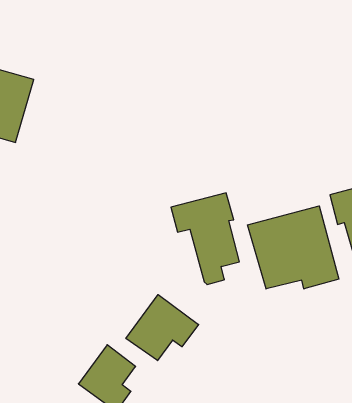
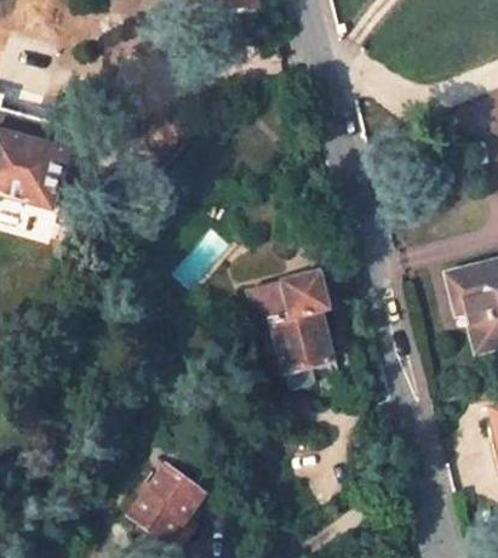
building: [248,206,339,289] -> none
building: [126,295,199,361] -> none

